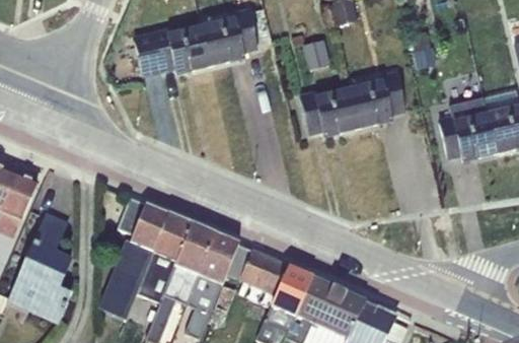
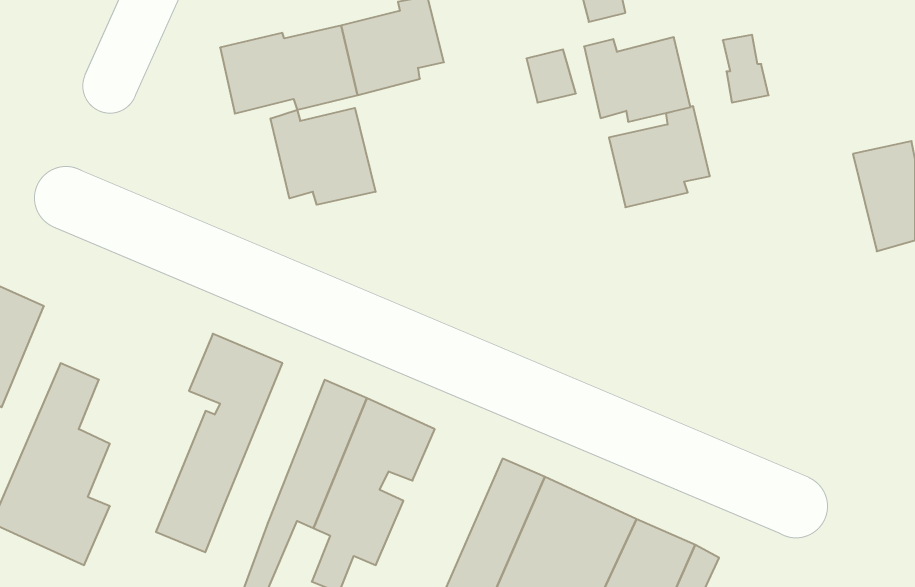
building: none -> [271,108,376,205]
building: [299,88,358,135] -> [584,37,690,122]
building: [438,97,497,159] -> none
building: [136,213,192,301] -> none
building: [237,250,290,307] -> none

